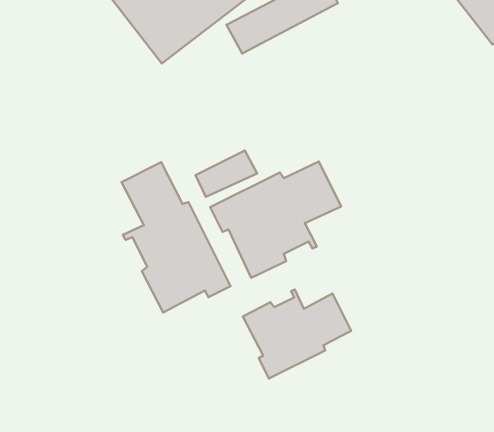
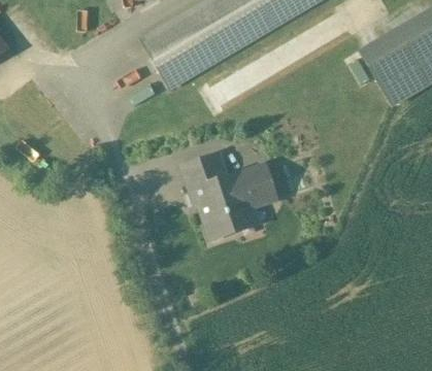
building: [121,162,230,313] -> none
building: [243,289,351,379] -> none

